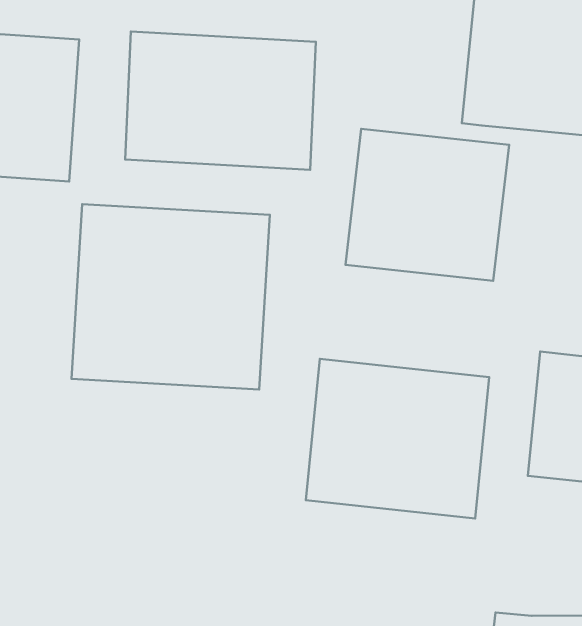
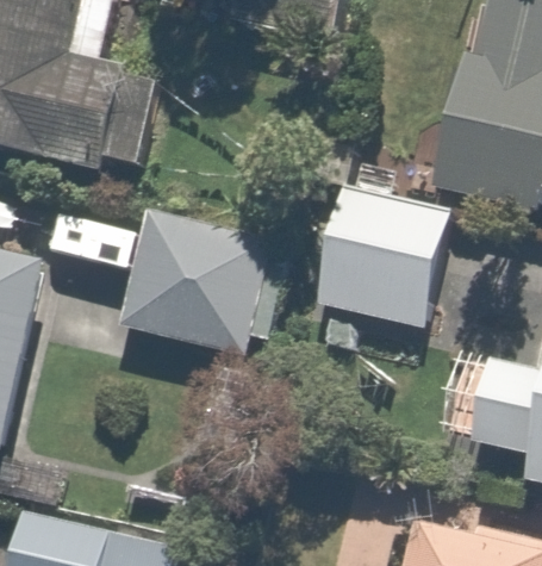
building: [125,32,316,170] -> none
building: [306,359,489,519] -> none

